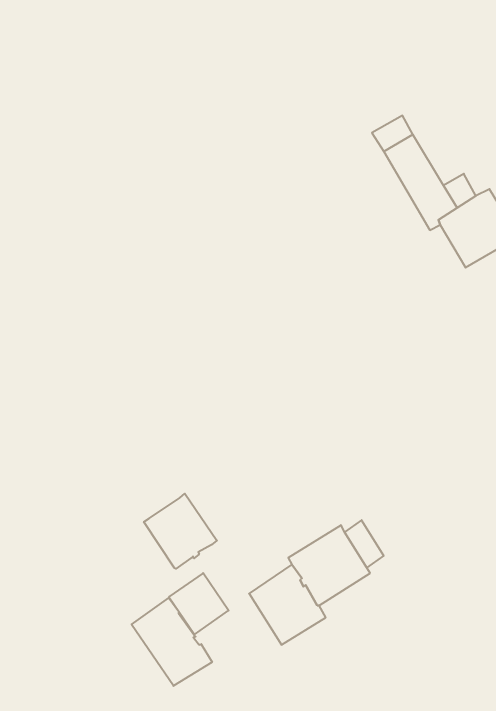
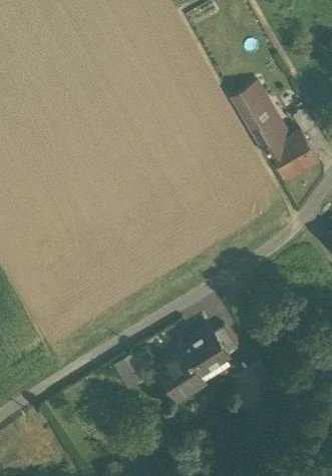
building: [144,494,217,569] -> none
building: [132,598,212,686] -> none

